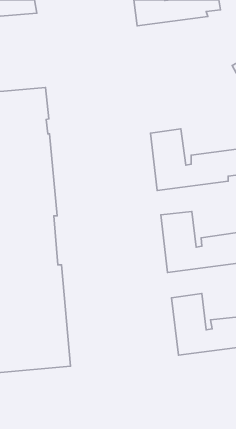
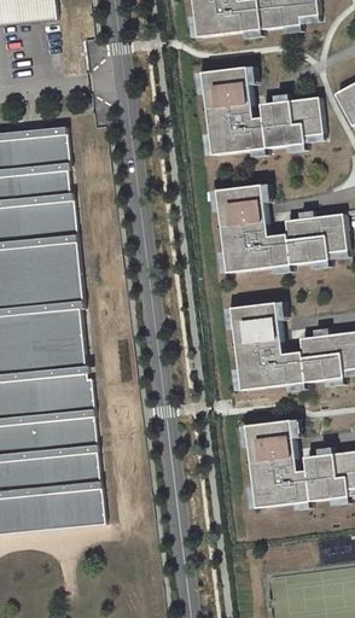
building: none -> [203,68,322,154]

